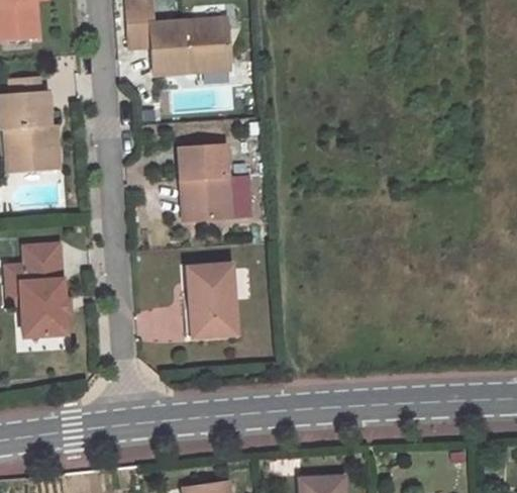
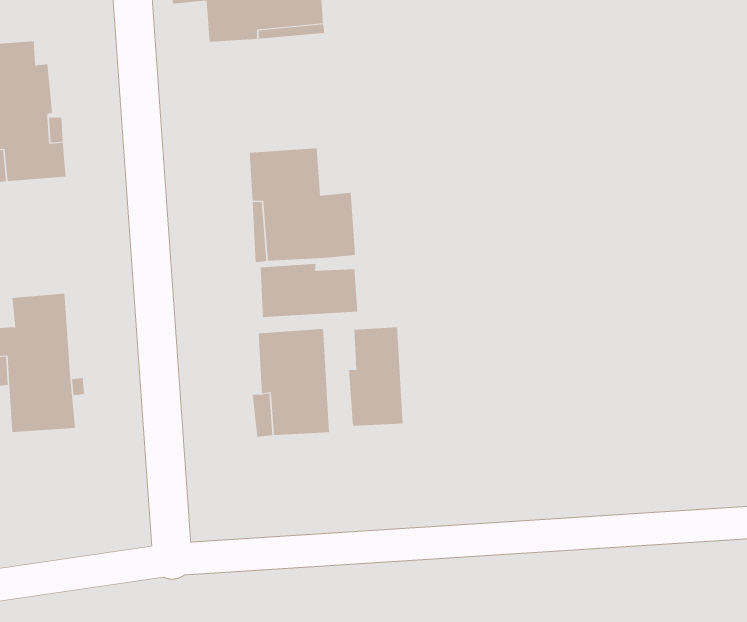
building: none -> [260,263,358,318]
building: none -> [349,326,403,426]

